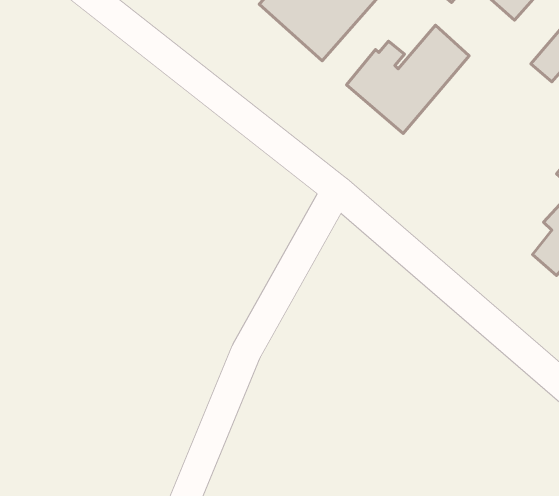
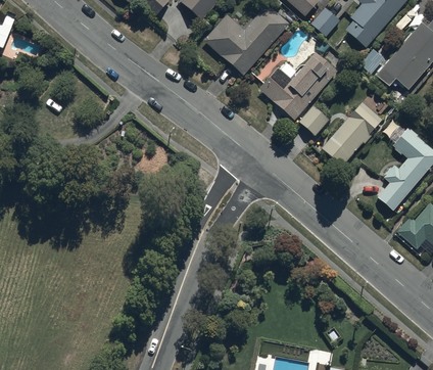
building: none -> [322,101,384,167]
building: none -> [299,105,330,136]

